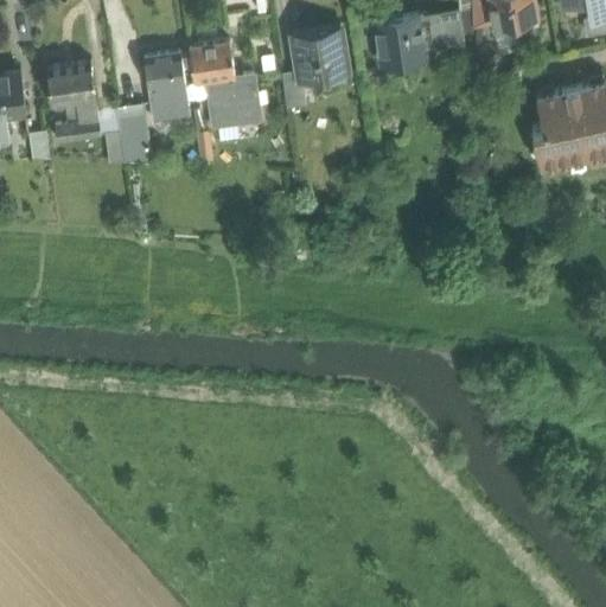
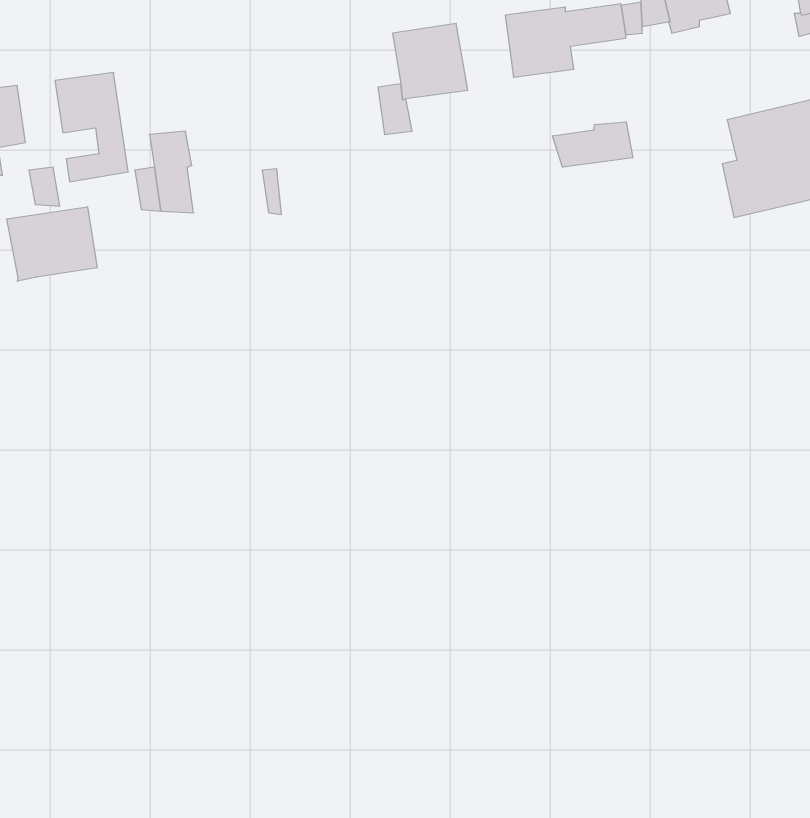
building: [190,43,261,128] -> none
building: [145,55,190,120] -> none
building: none -> [552,122,633,167]
building: none -> [7,207,97,281]

